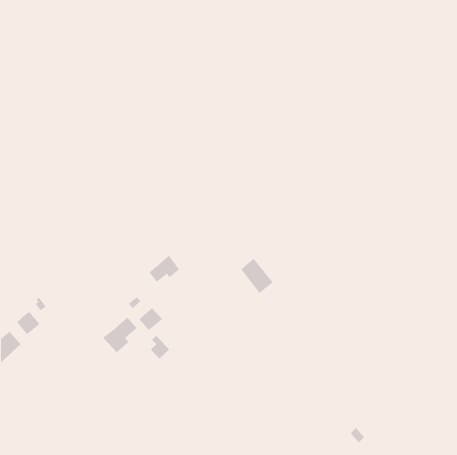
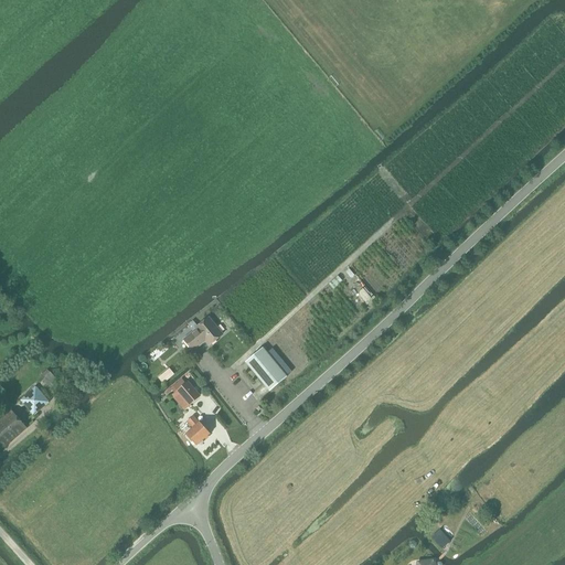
building: [241,258,274,294] -> [245,345,286,390]
building: [102,317,138,353] -> none

